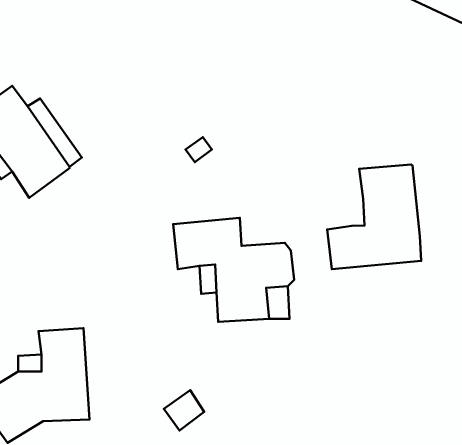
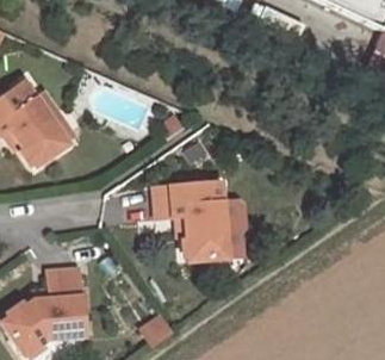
building: [327,165,421,269] -> none

